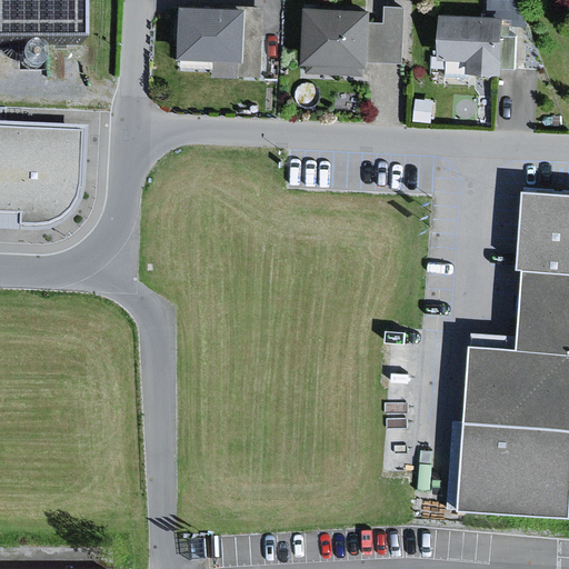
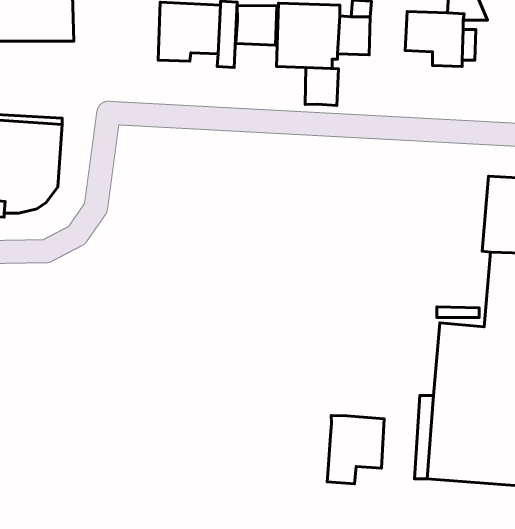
building: none -> [236,5,277,45]
building: none -> [305,68,338,105]
building: none -> [327,415,384,484]

